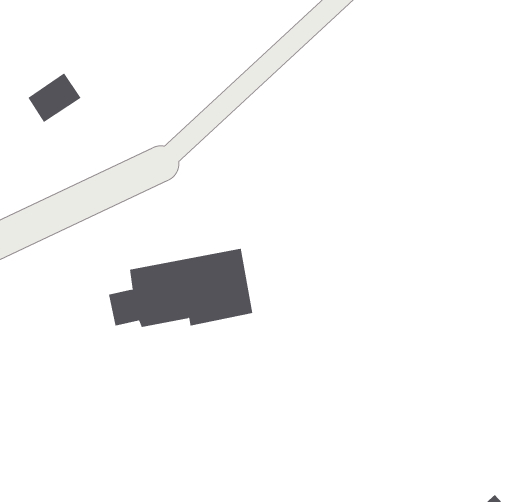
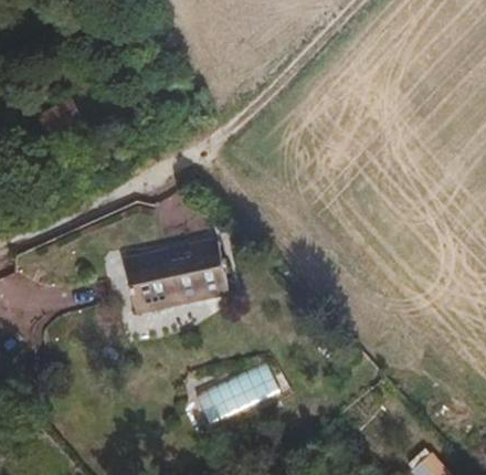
building: none -> [210,369,275,421]

